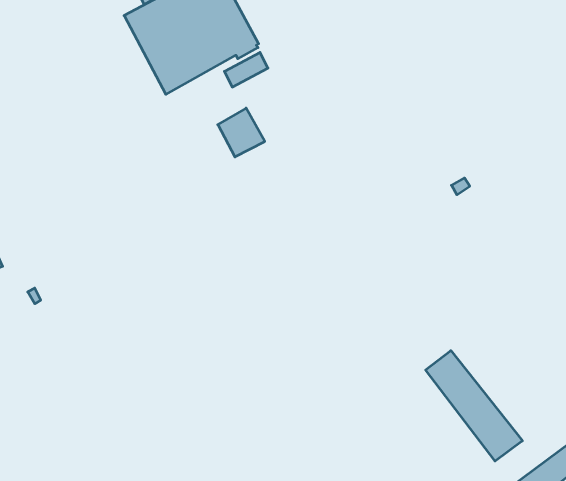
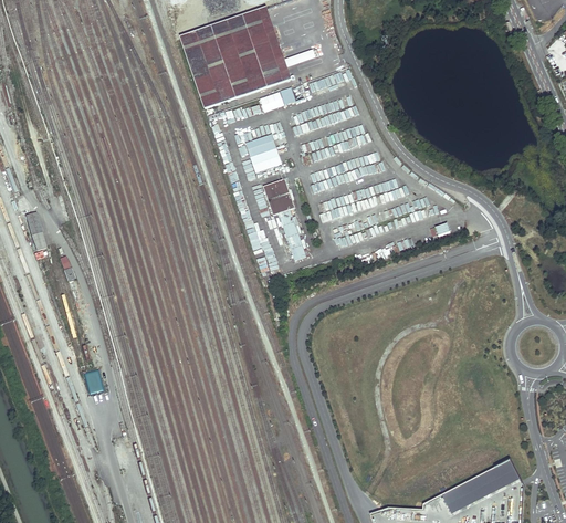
building: none -> [262,179,294,216]
building: [426,351,522,461] -> none

